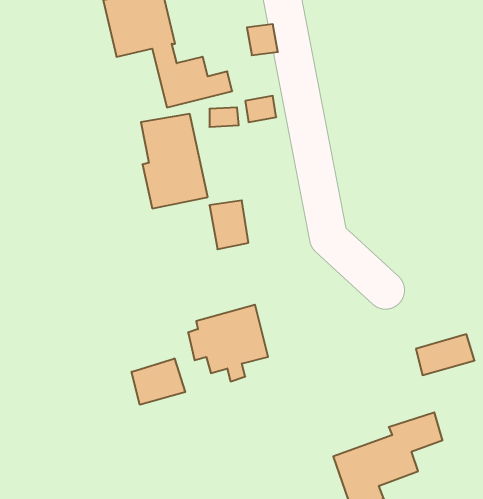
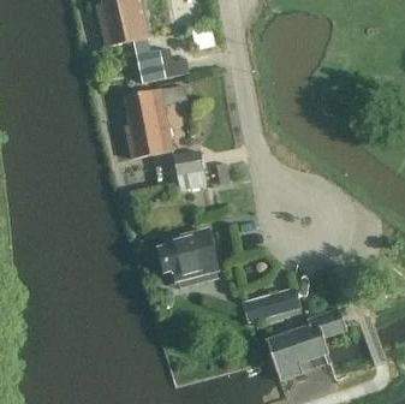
building: [416,334,475,375] -> [256,287,299,317]
building: [132,358,185,405] -> none

